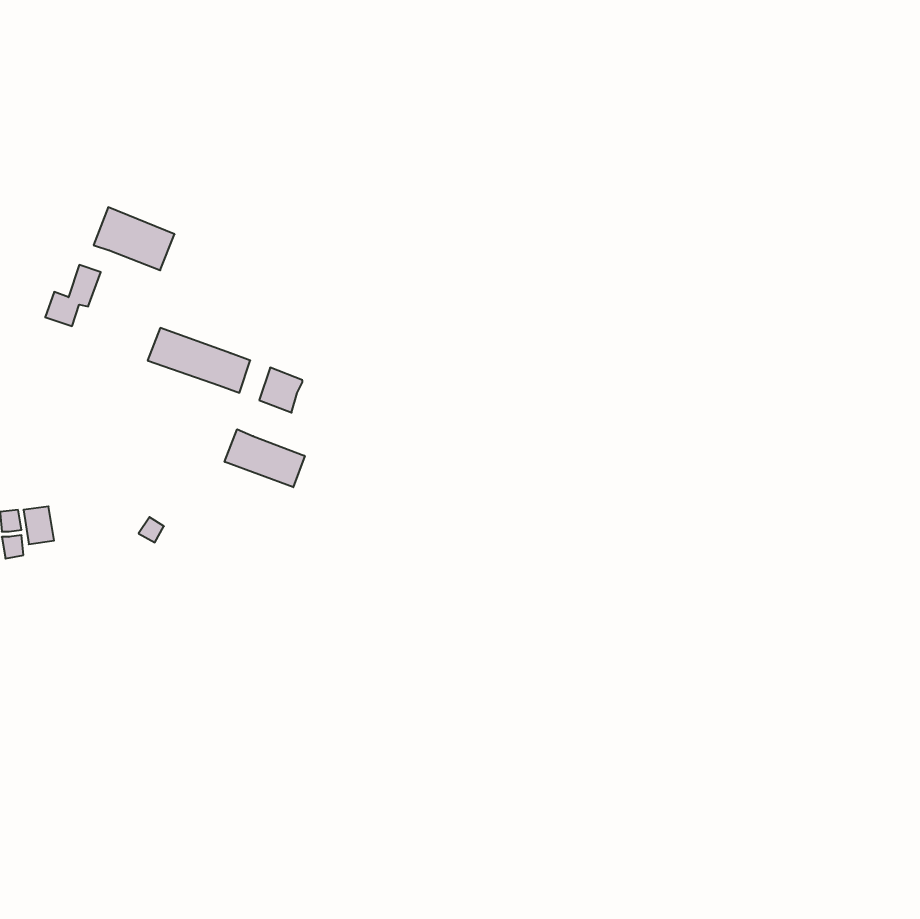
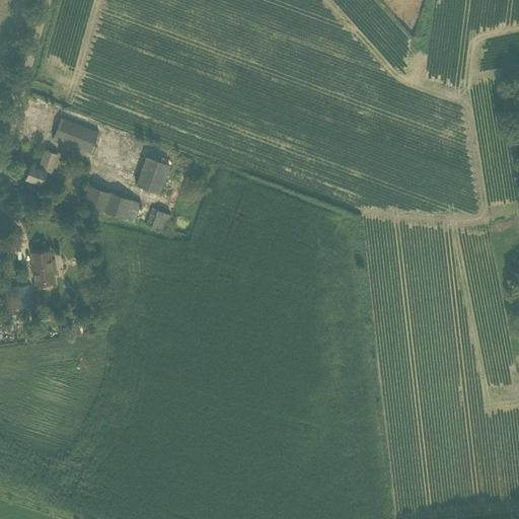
building: none -> [136,156,169,194]
building: [225,429,305,487] -> none
building: none -> [31,251,55,286]

